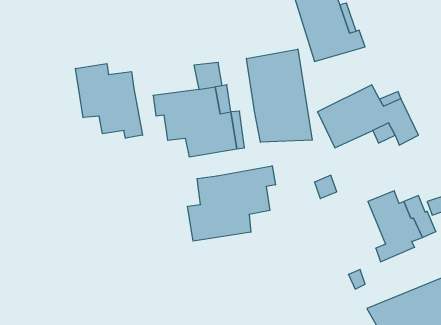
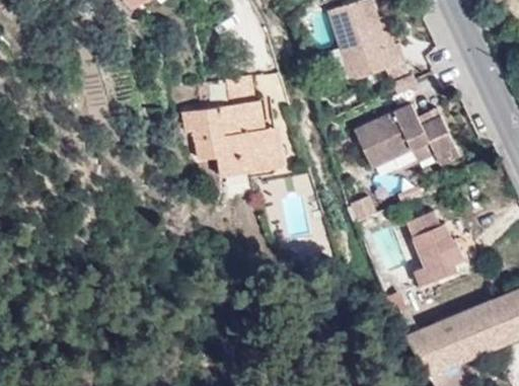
building: [247,49,312,142] -> none
building: [76,64,143,138] -> none
building: [188,166,275,241] -> none

